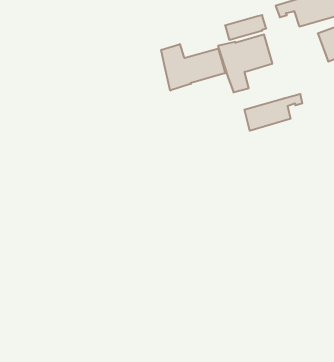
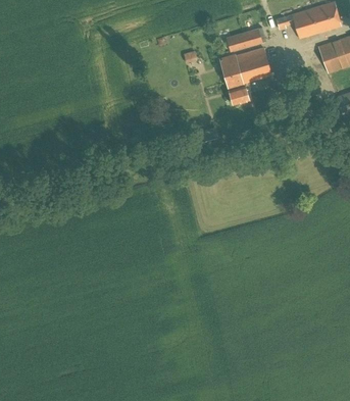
building: [161,44,225,91] -> none
building: [244,94,302,131] -> none

